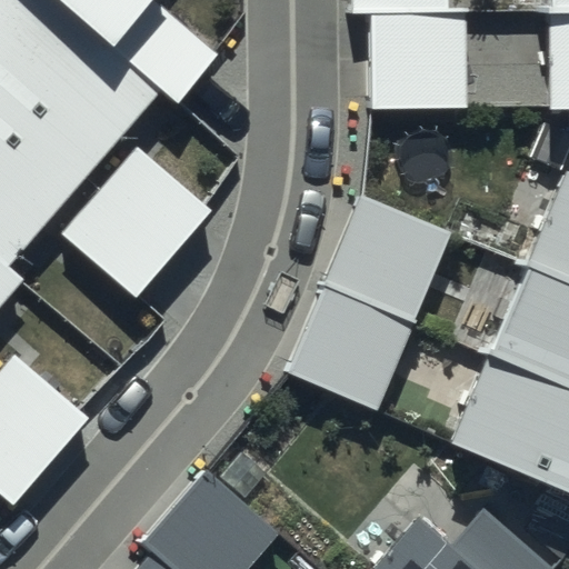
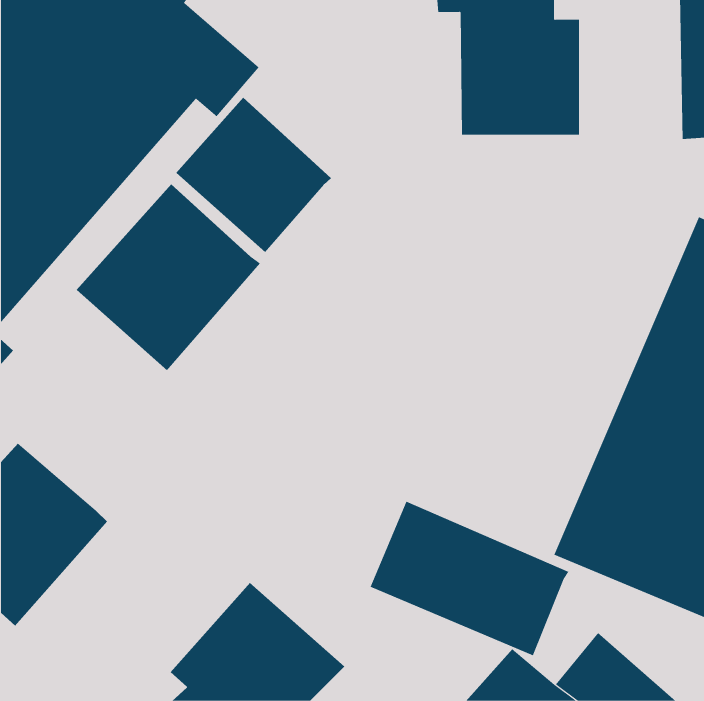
building: none -> [175,97,332,253]
building: [283,194,452,410] -> none
building: none -> [370,501,569,656]

